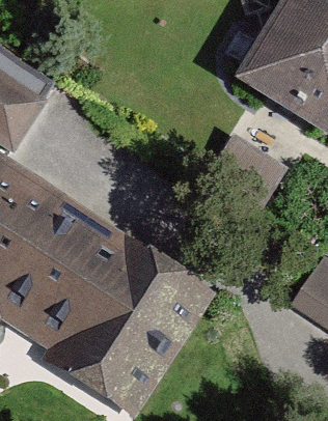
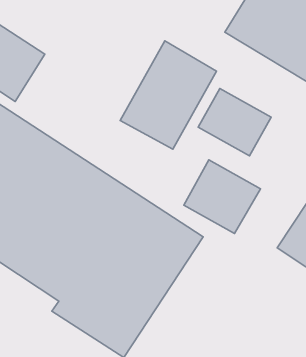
building: none -> [120,41,217,149]
building: none -> [184,160,260,234]

